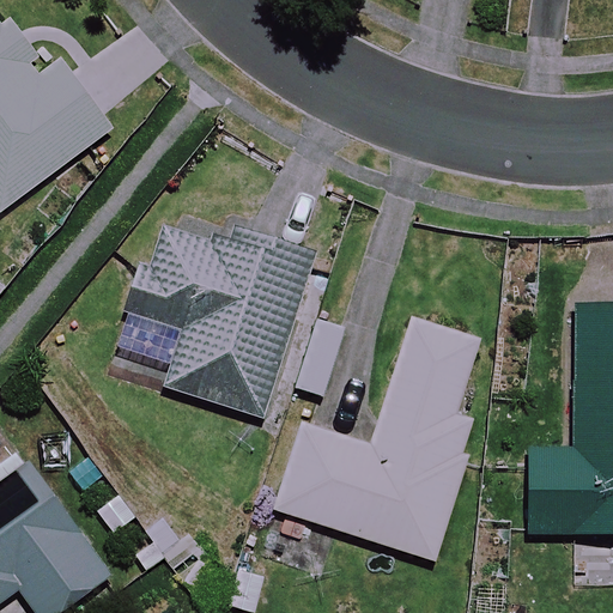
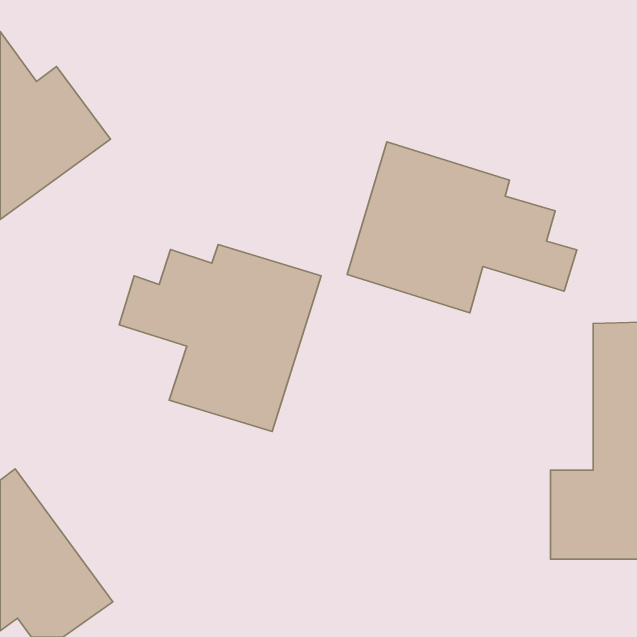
building: none -> [347,142,577,313]
building: [274,317,480,559] -> none

